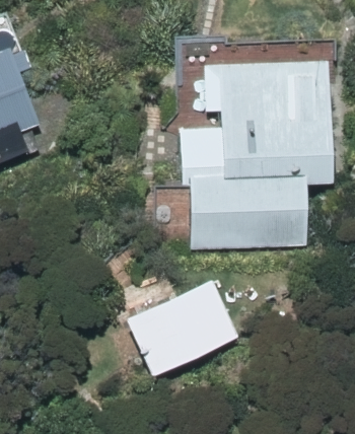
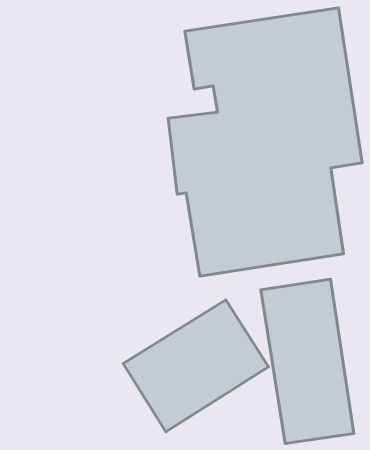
building: none -> [261,279,354,443]

